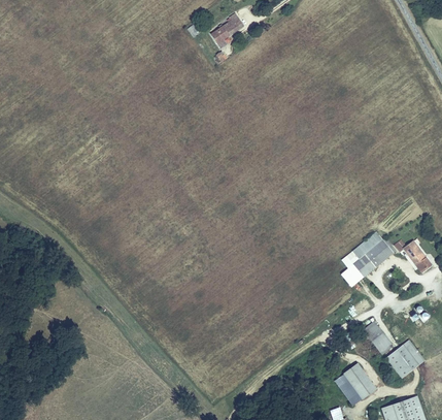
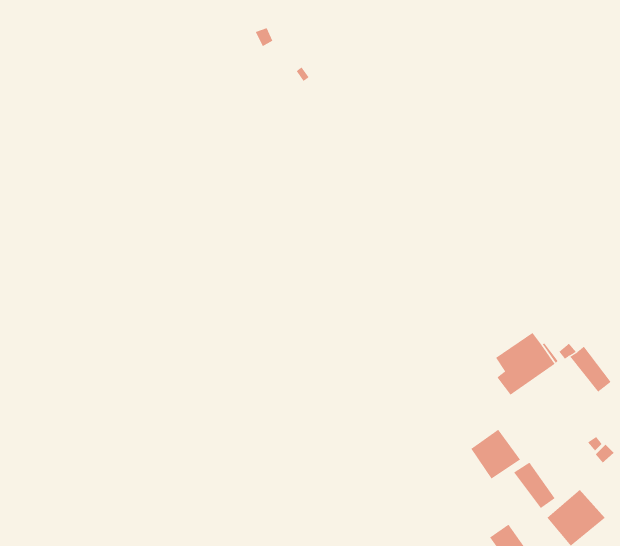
building: [209,11,241,47] -> none
building: none -> [470,429,521,479]

